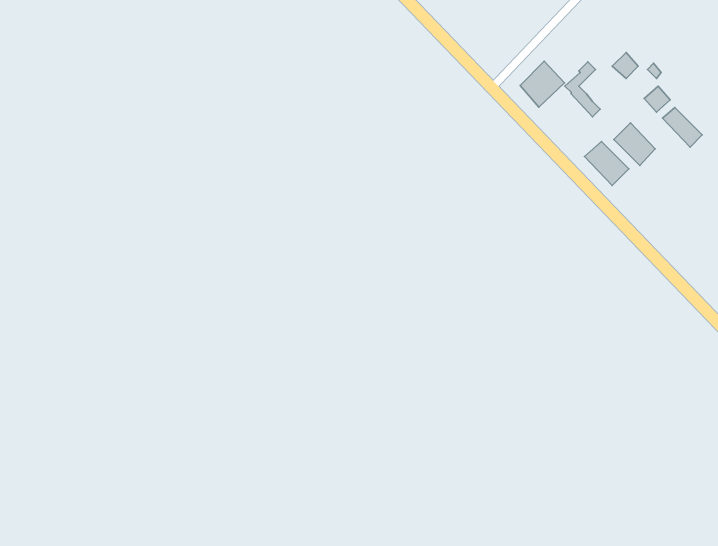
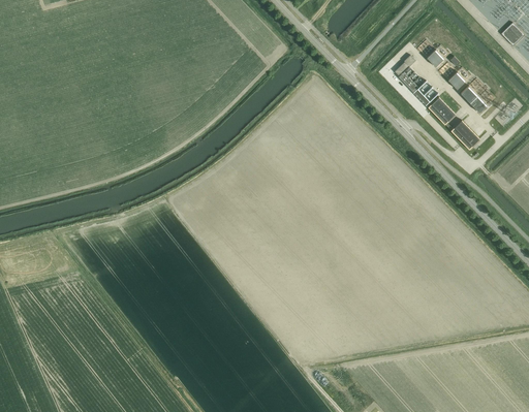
building: [520,61,564,107] -> none
building: [585,141,629,186] -> [450,120,480,150]

